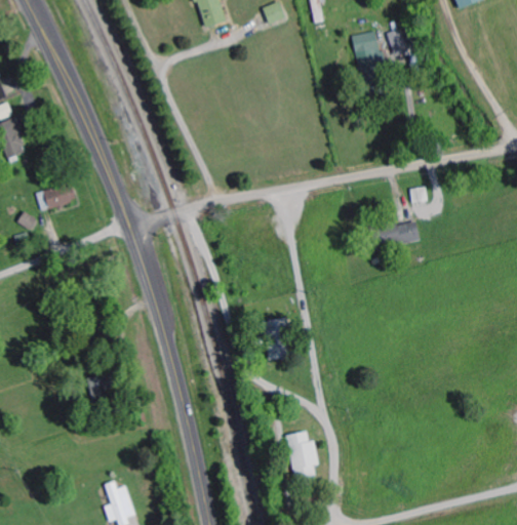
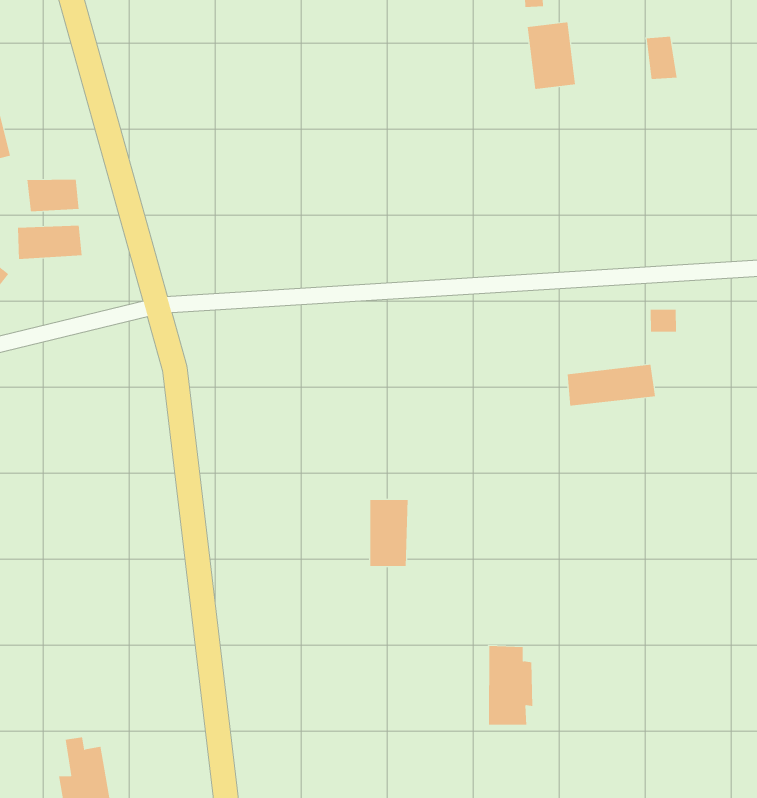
building: [352,29,385,71] -> [527,22,576,90]
building: none -> [27,179,79,212]
building: [287,431,318,479] -> [488,646,533,725]

